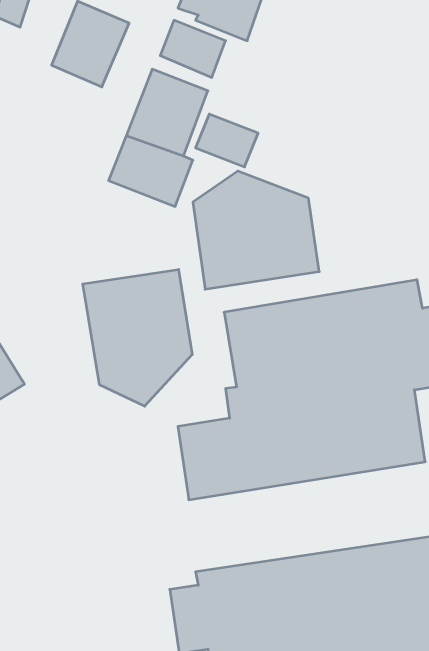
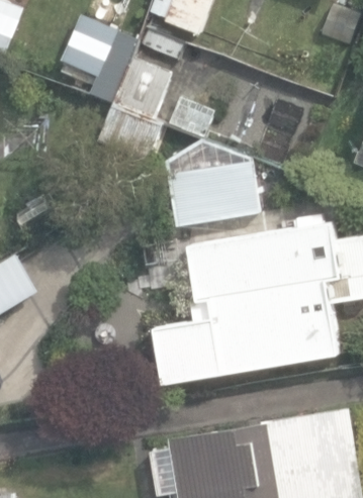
building: [83,269,192,406] -> none

